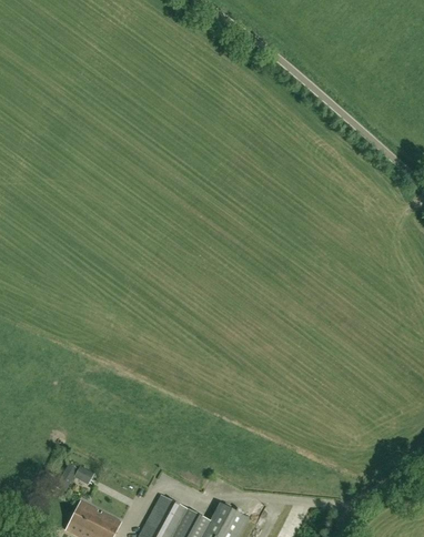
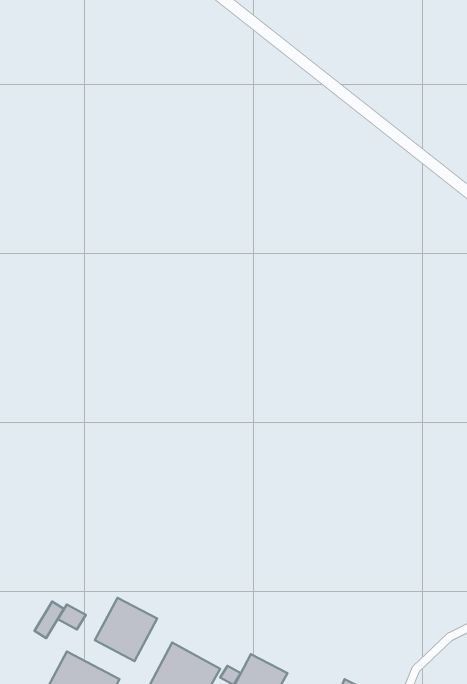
building: none -> [95,598,157,661]

